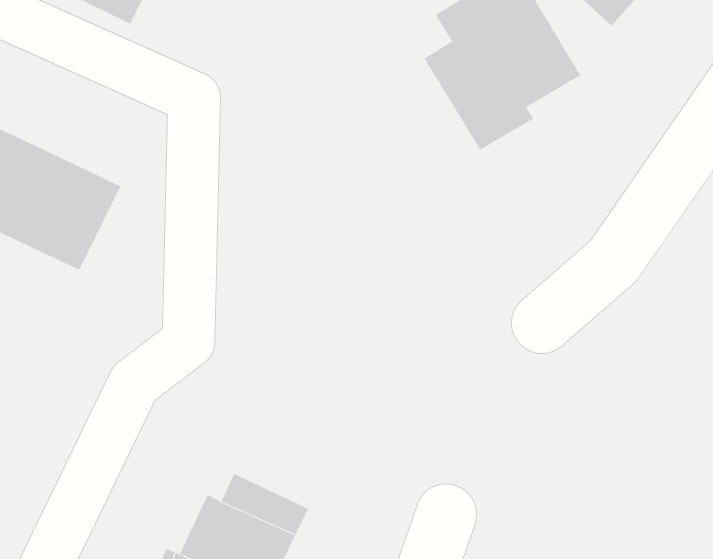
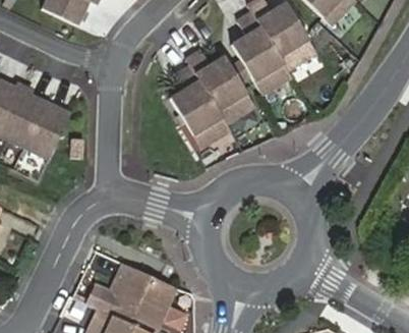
building: none -> [174,50,259,148]

